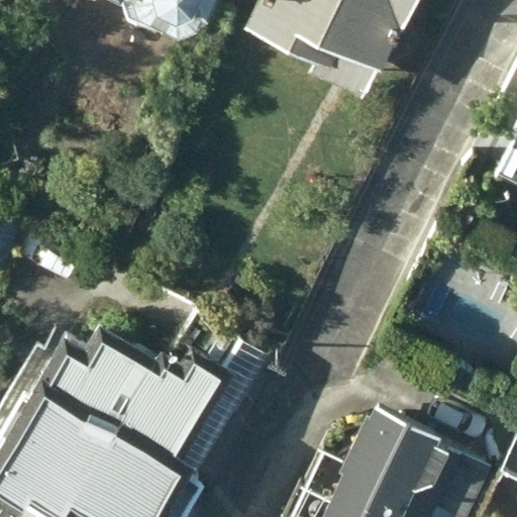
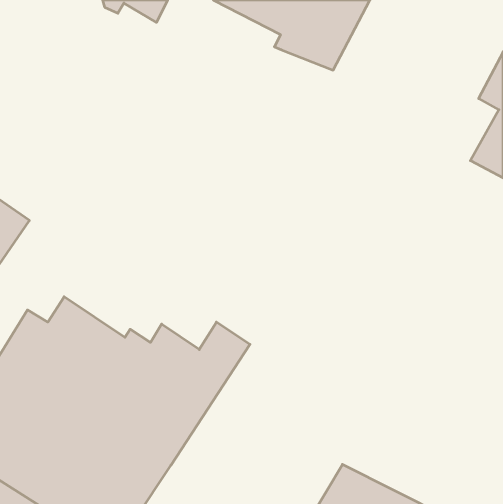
building: [361,408,459,508] -> none

